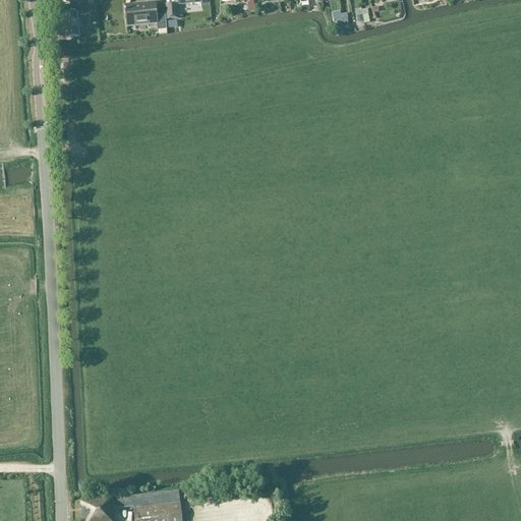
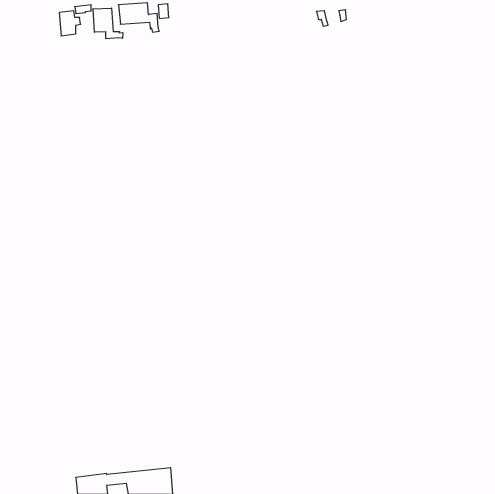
building: none -> [93,8,123,39]

